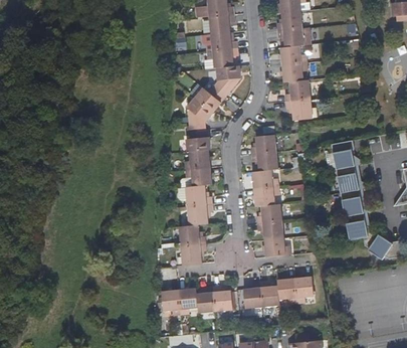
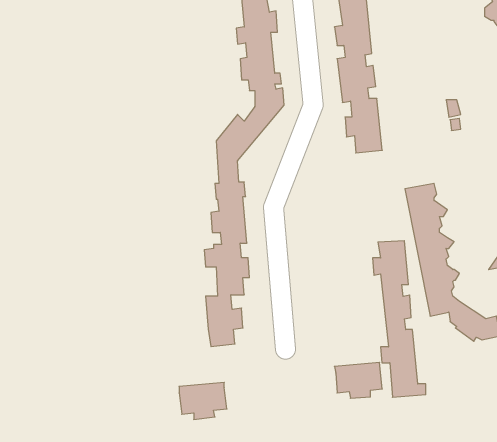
building: [251,138,291,256] -> [373,241,426,397]
building: [243,280,279,308] -> none
building: [193,288,229,316] -> none

